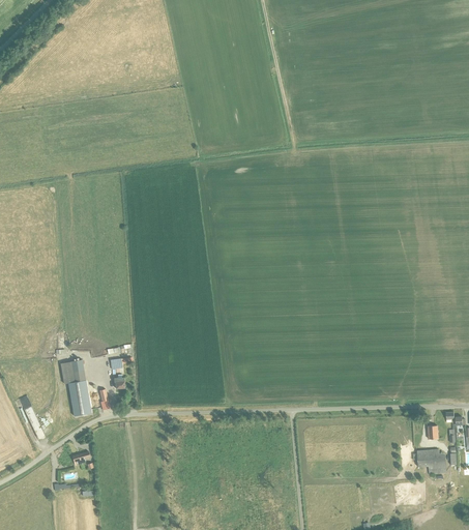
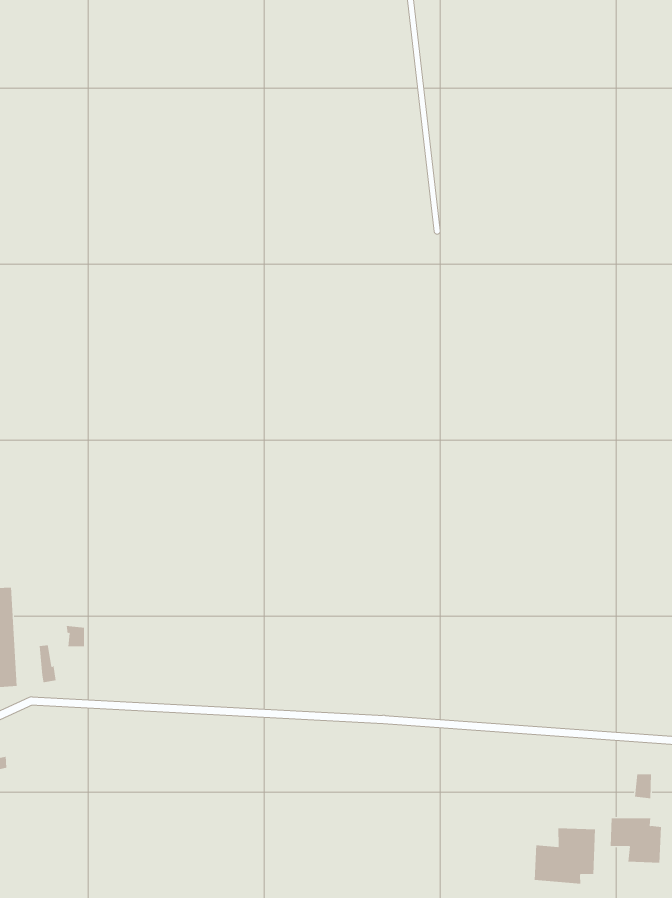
building: none -> [534,827,596,884]

